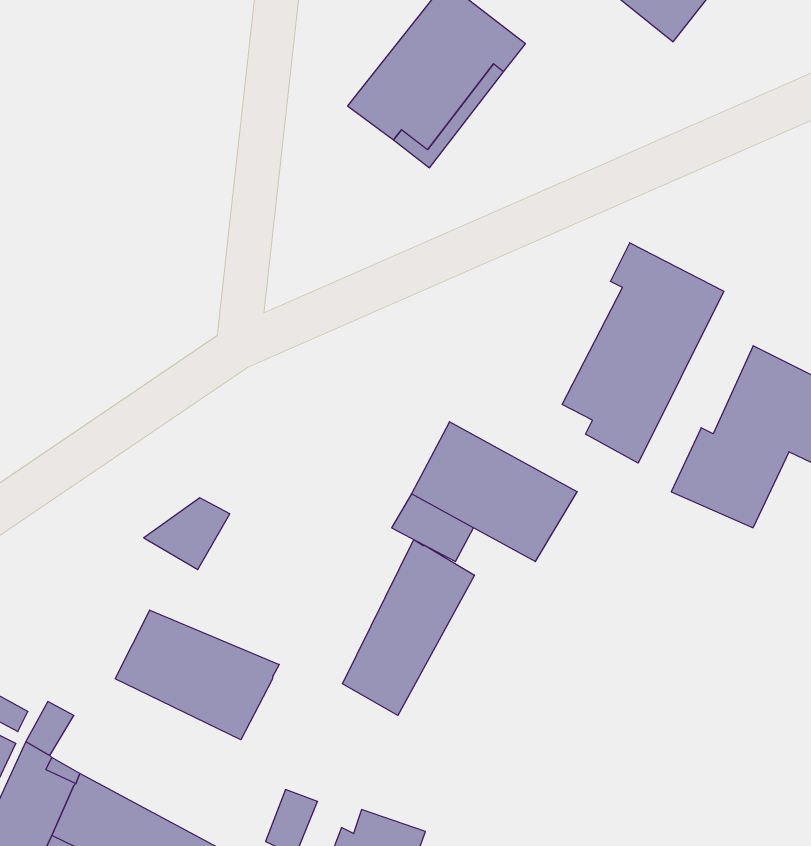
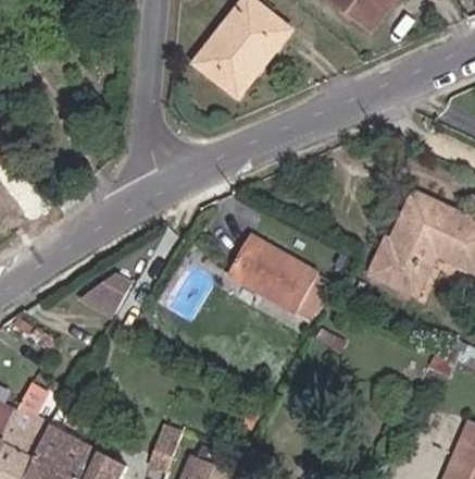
building: [562,243,724,463] -> none
building: [342,540,475,715] -> none
building: [115,610,279,740] -> none

